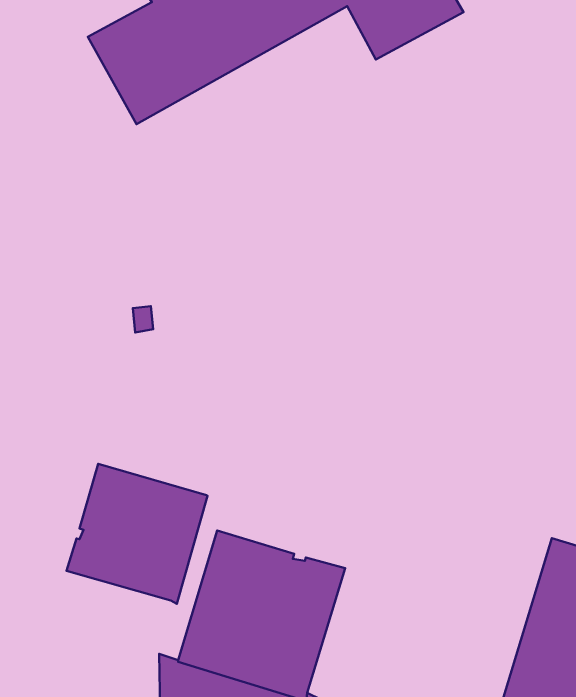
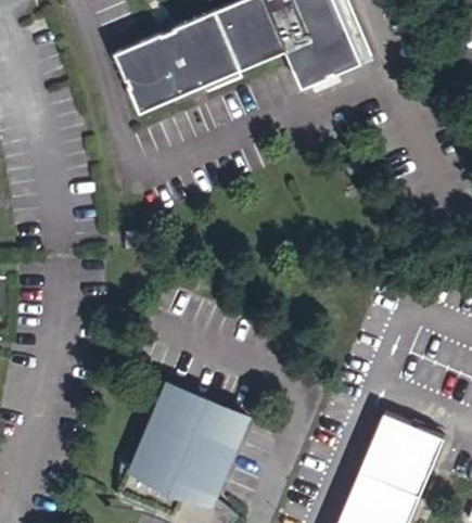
building: [66,464,207,604] -> none

